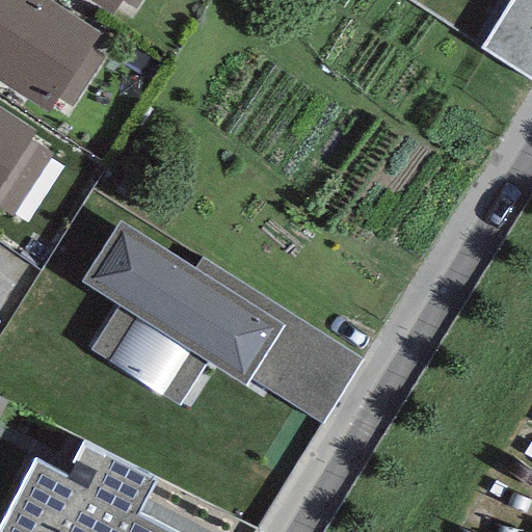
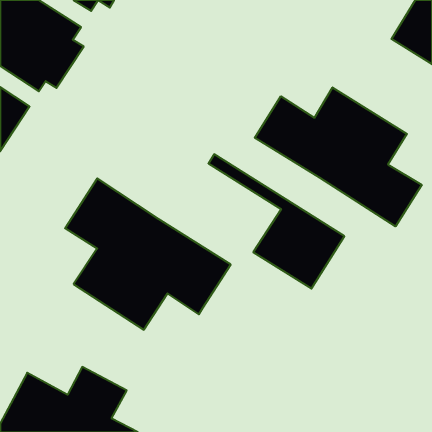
building: none -> [255,87,422,226]
building: [194,258,362,423] -> [208,154,344,289]

